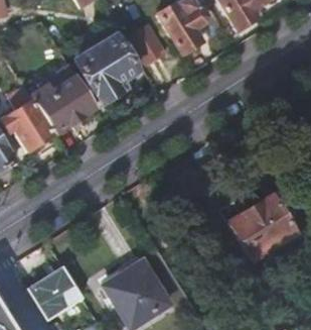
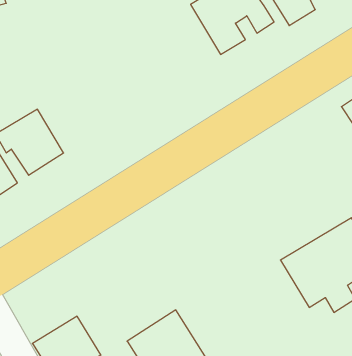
building: [129,23,167,64] -> none
building: [74,34,137,104] -> none
building: [30,74,98,134] -> none

